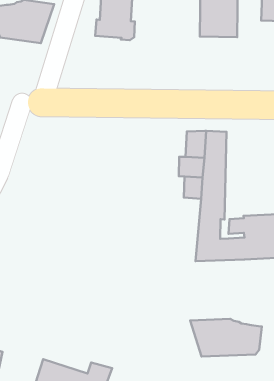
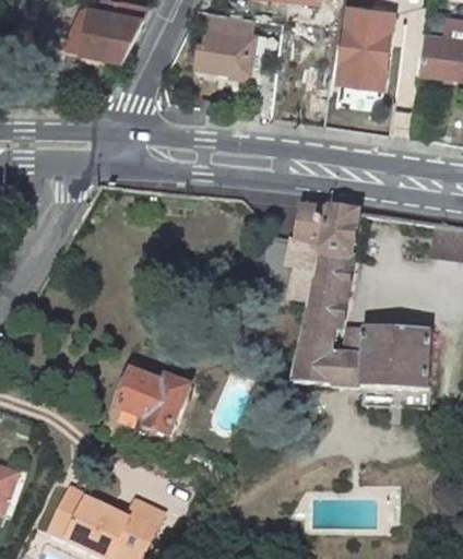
building: none -> [119,373,190,436]
building: [190,319,262,356] -> none

